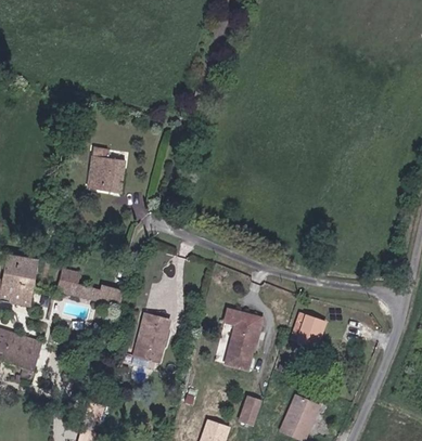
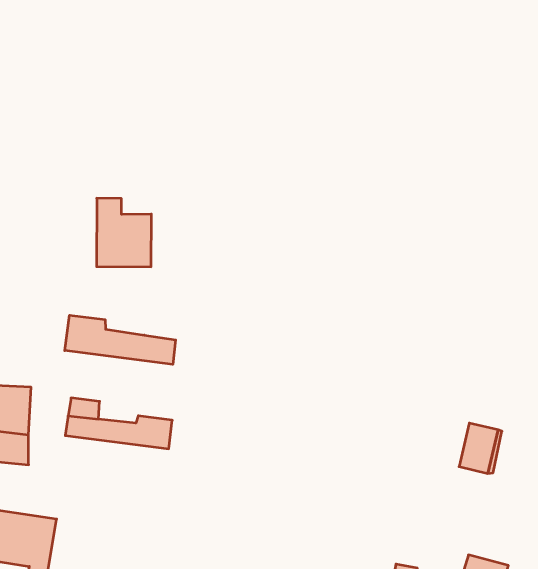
building: none -> [65,315,176,364]
building: [225,309,263,368] -> none
building: [133,312,170,362] -> none

